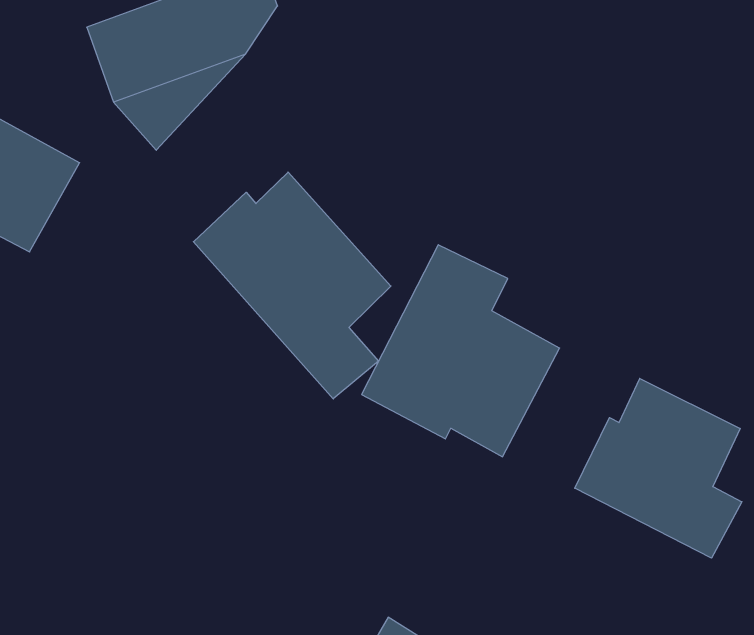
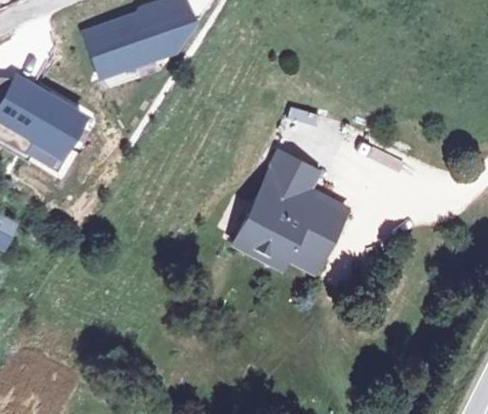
building: [193,172,391,399] -> none
building: [575,378,742,558] -> none

